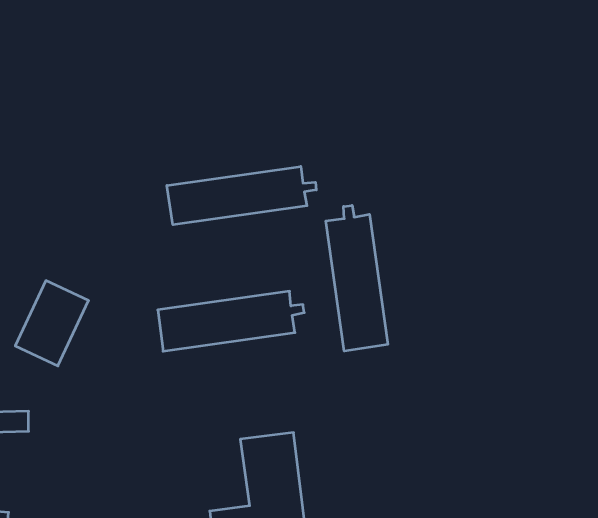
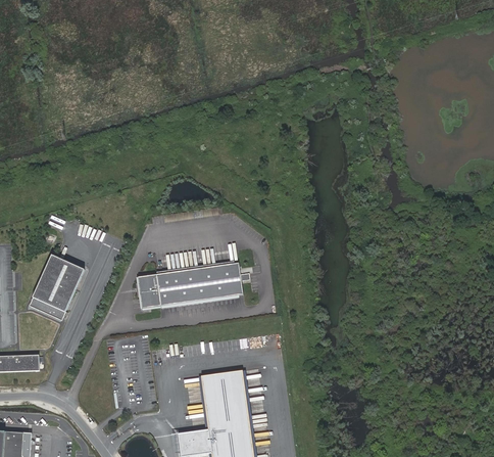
building: [167,166,316,225] -> none
building: [326,205,388,351] -> none

